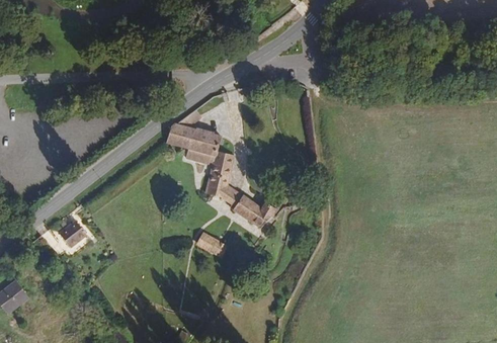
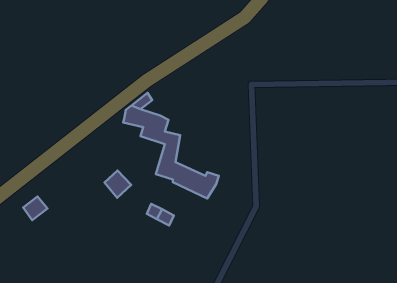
building: none -> [104,171,131,198]

